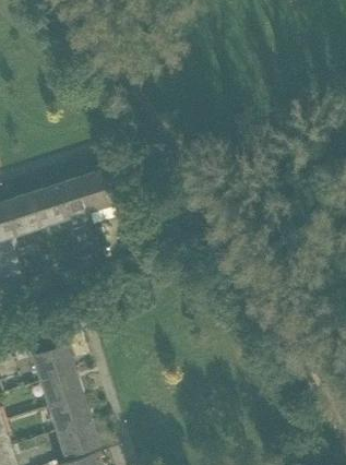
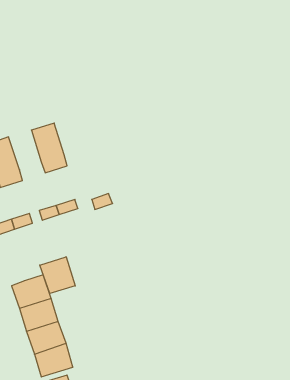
building: [77,168,115,212] -> none
building: [27,184,63,228] -> none
building: none -> [40,257,75,293]

